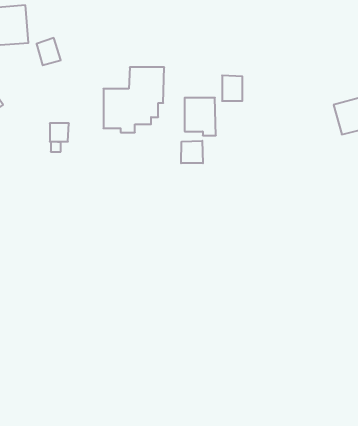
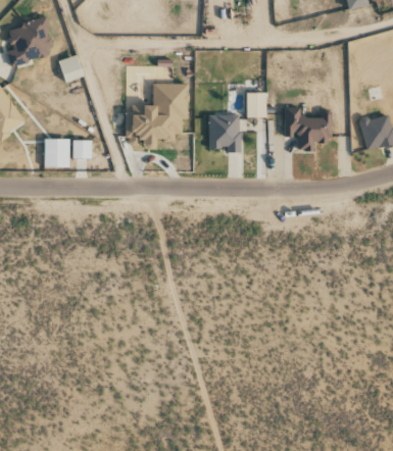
building: none -> [284,106,331,150]
building: none -> [44,138,69,166]
building: [181,141,203,163] -> none

